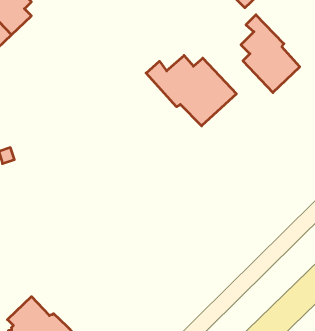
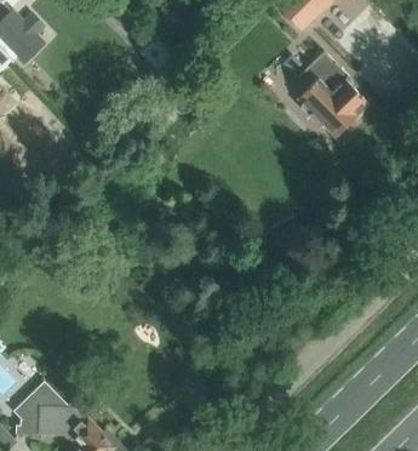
building: [146,55,236,126] -> none

